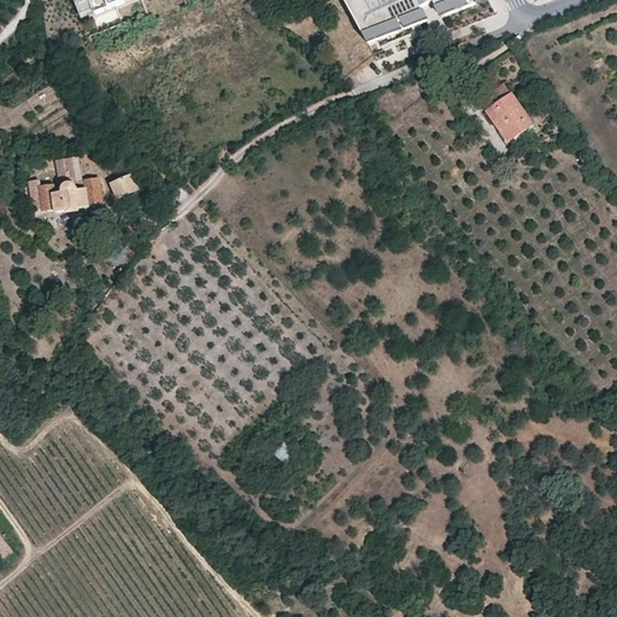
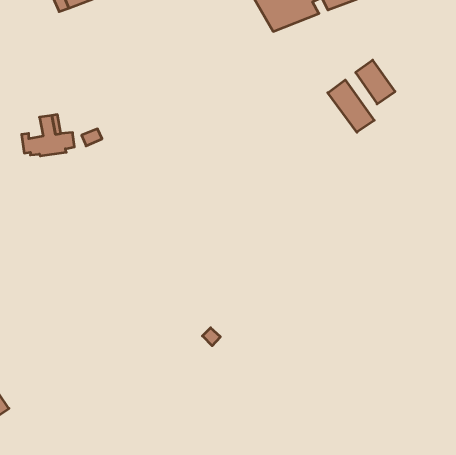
building: none -> [328,80,374,132]

